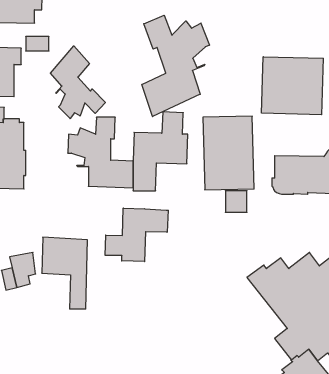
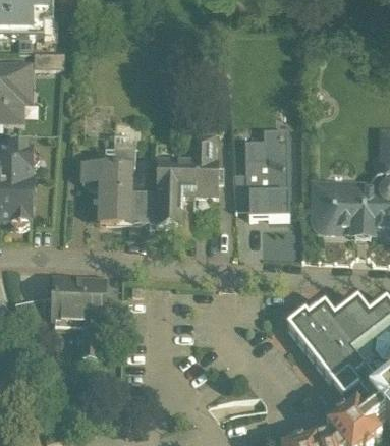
building: [142,15,209,117] -> none
building: [50,46,105,119] -> none
building: [262,57,323,115] -> none
building: [105,208,168,262] -> none

